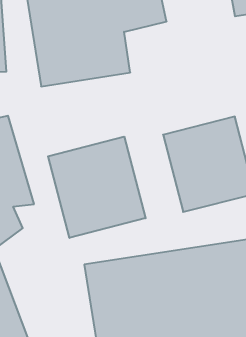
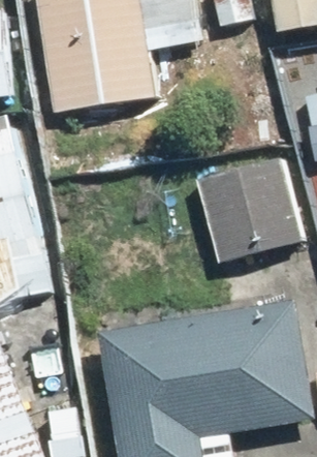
building: [48,137,146,238] -> none

